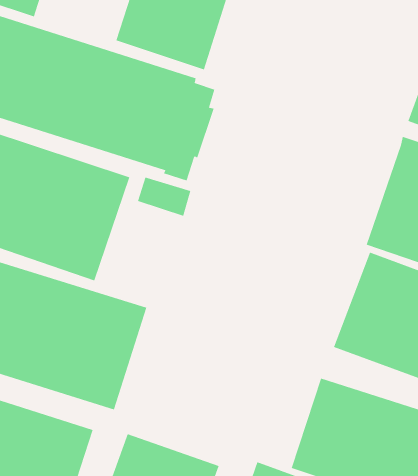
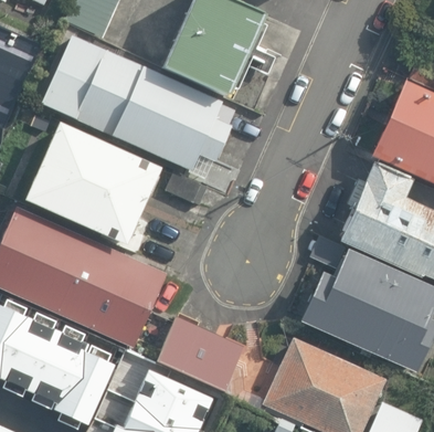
building: none -> [154,310,245,390]

